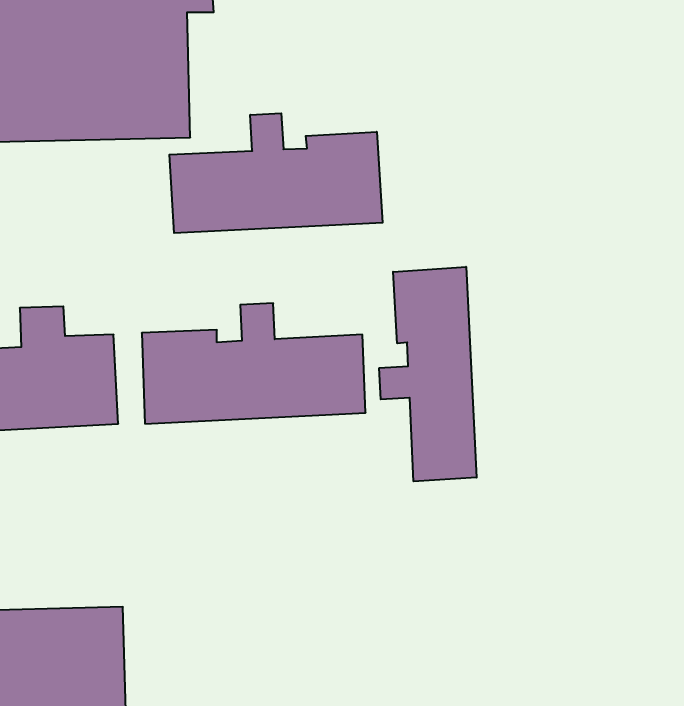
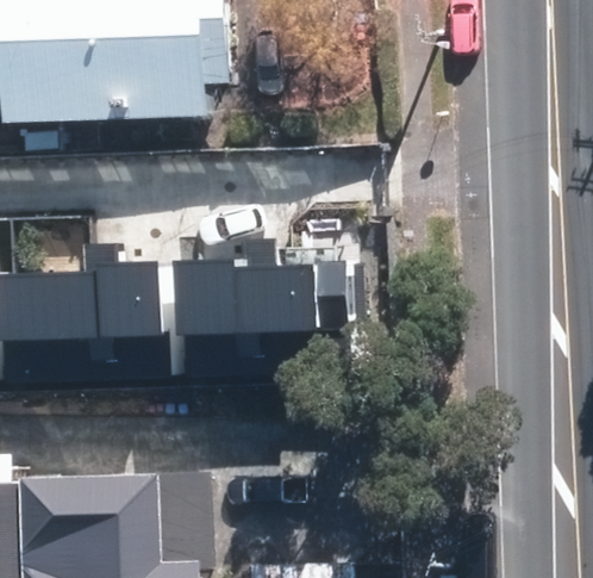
building: [169,113,383,233] -> none
building: [379,267,477,481] -> none

